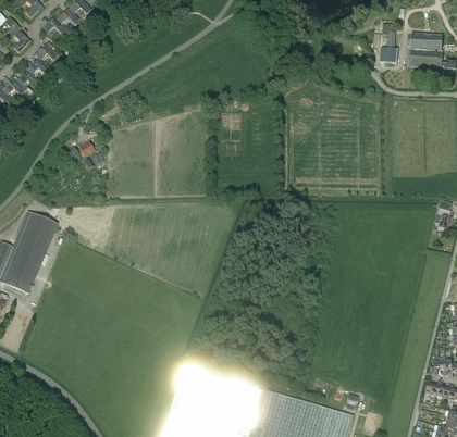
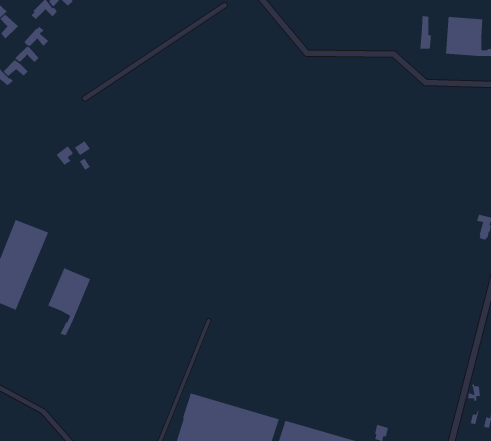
building: none -> [47,267,91,336]

